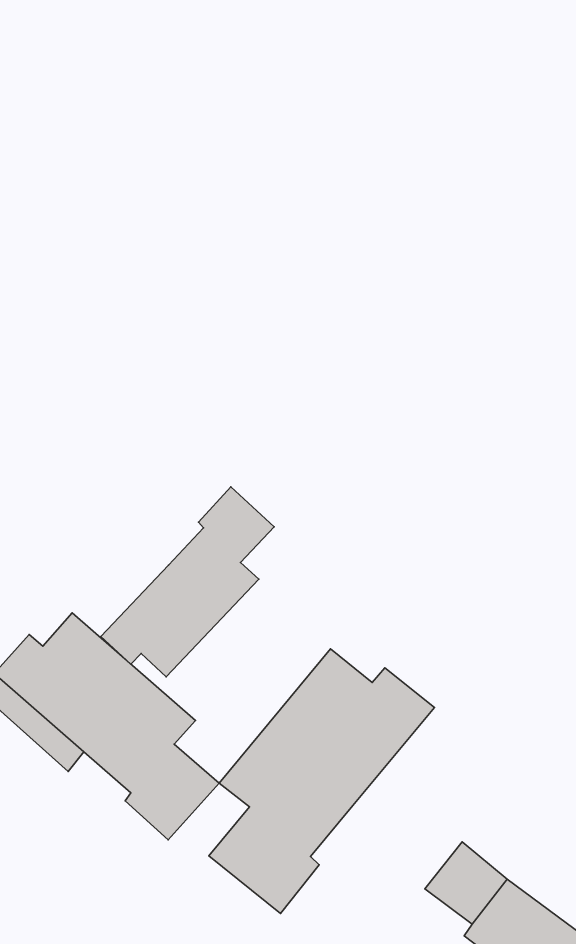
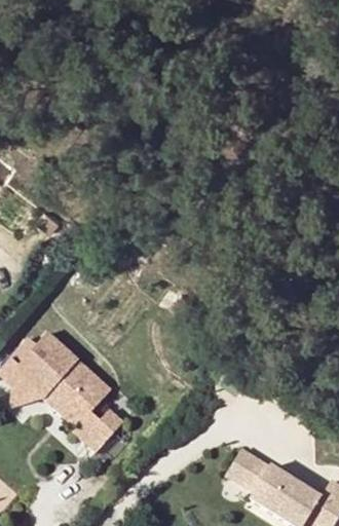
building: [101,487,274,677] -> none
building: [209,649,434,913] -> none

